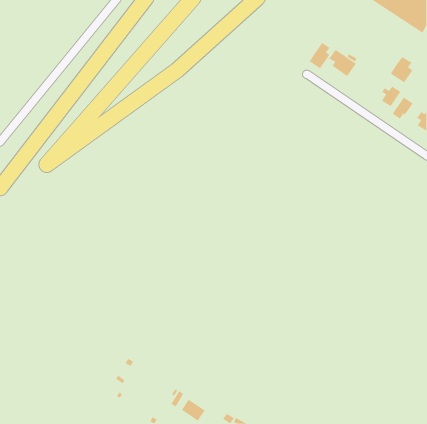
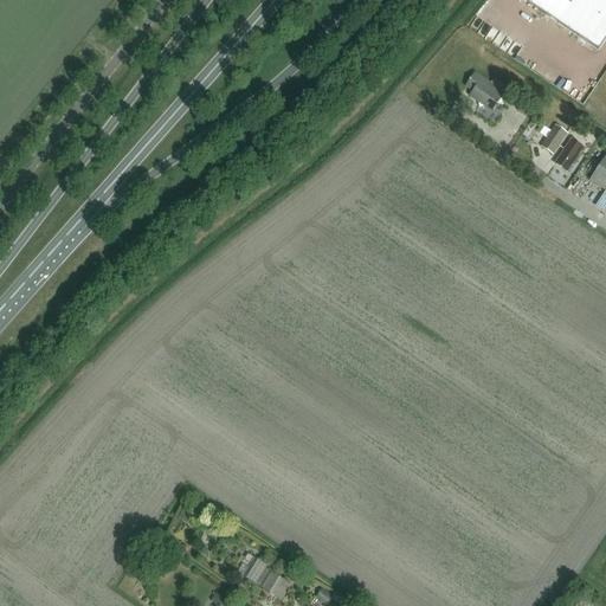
building: [309,42,331,69] -> none
building: [390,56,413,83] -> none

